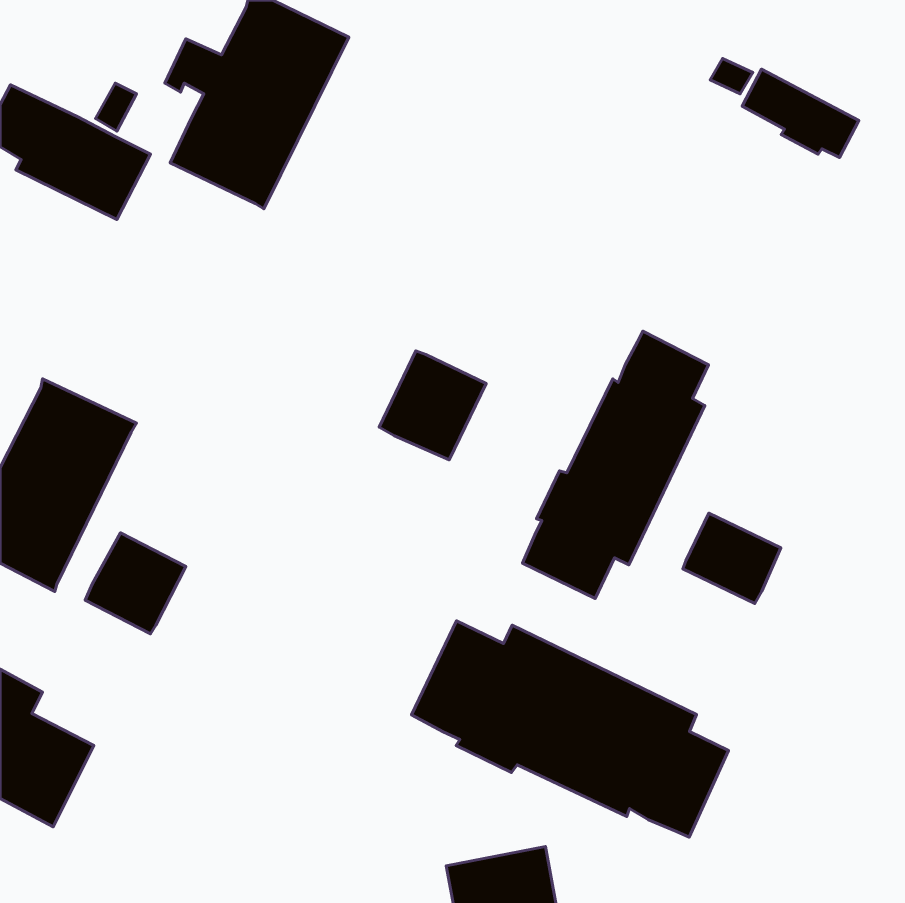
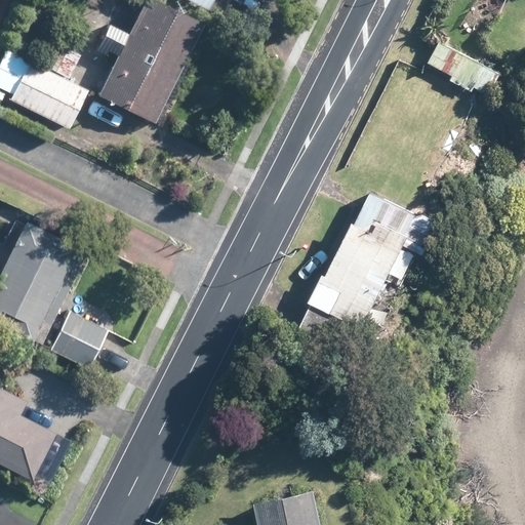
building: [379,351,486,460] -> none
building: [683,513,781,603] -> none
building: [412,621,728,837] -> none

